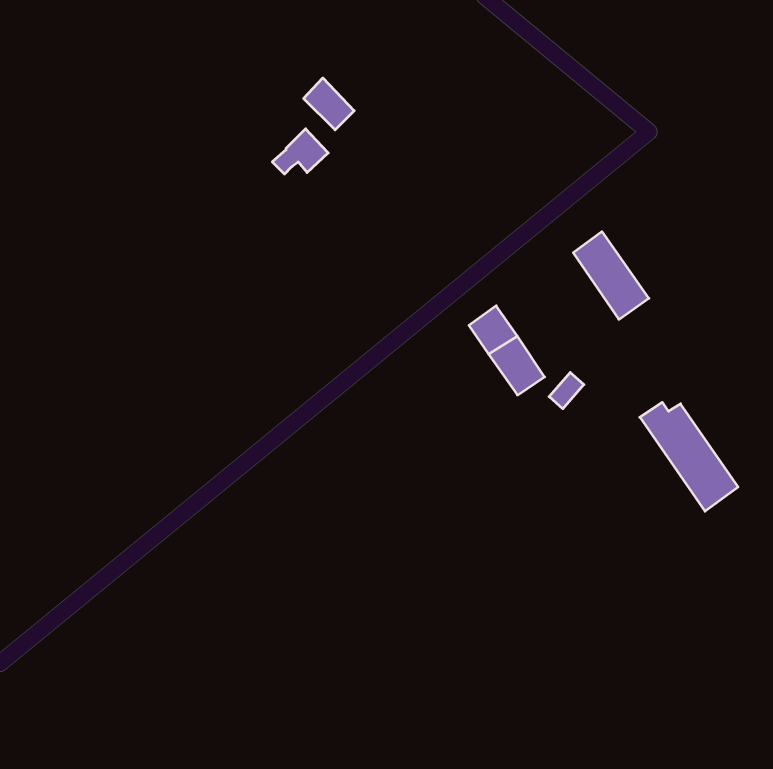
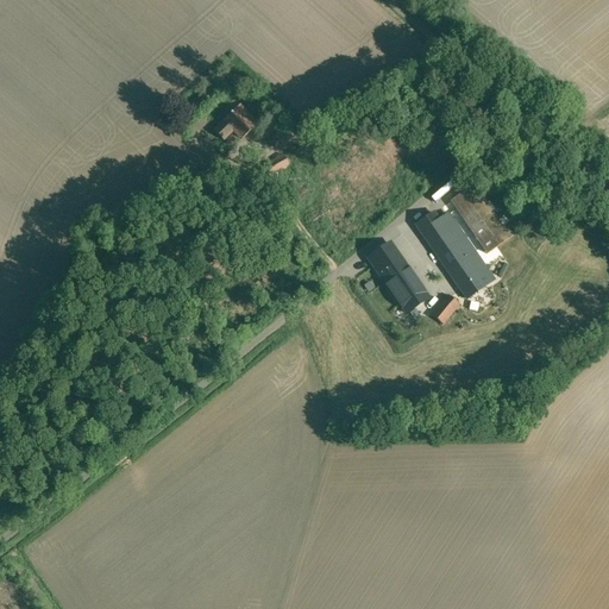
building: [304,78,354,130] -> none
building: [640,402,738,511] -> [416,211,494,296]

